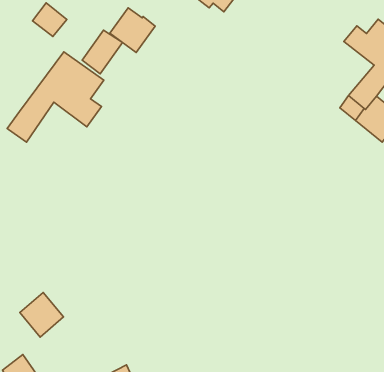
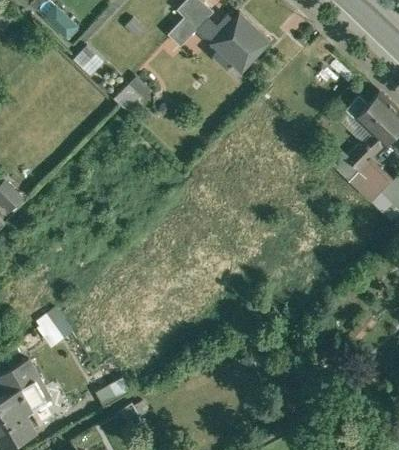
building: [110,8,155,53] -> none
building: [7,52,104,142] -> none

